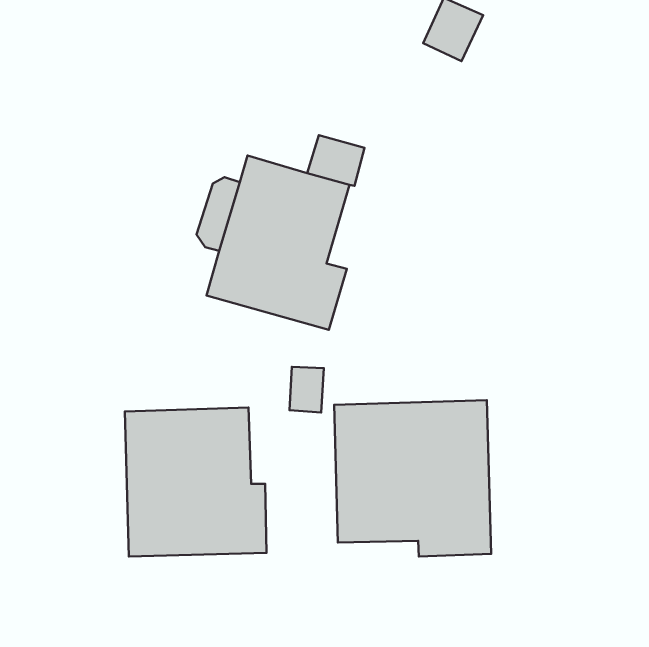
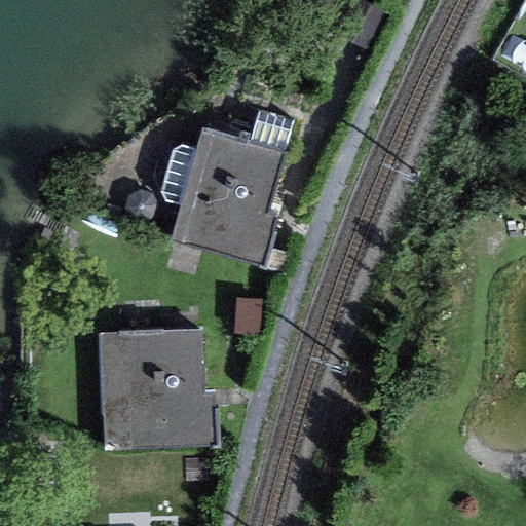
building: [334,400,491,556] -> none

